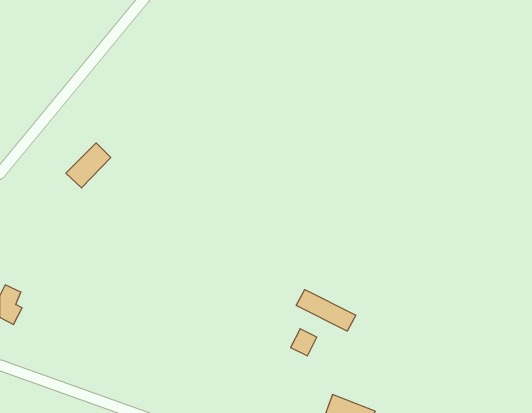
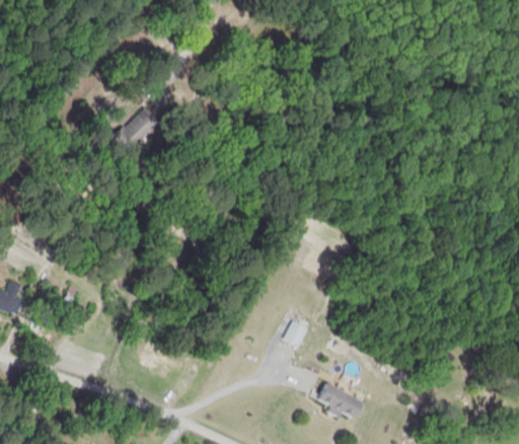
building: [66,143,111,188] -> [115,107,158,151]
building: [296,290,356,331] -> none

